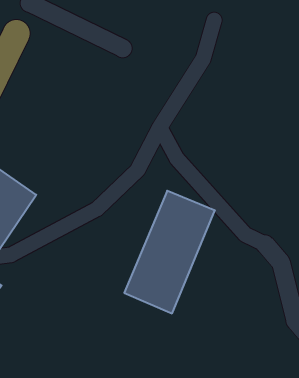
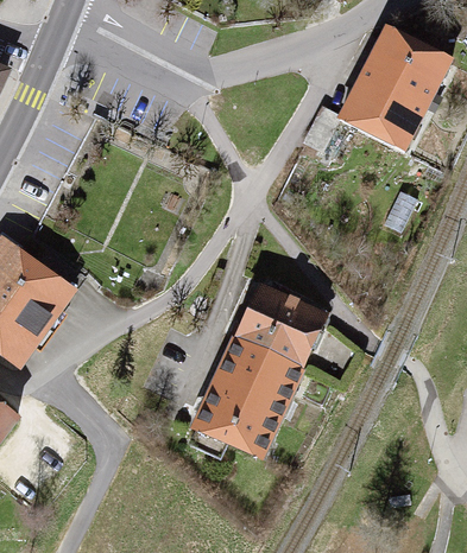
building: none -> [329,27,440,146]

